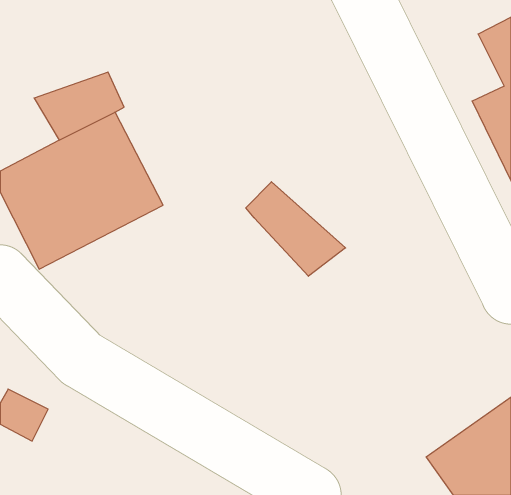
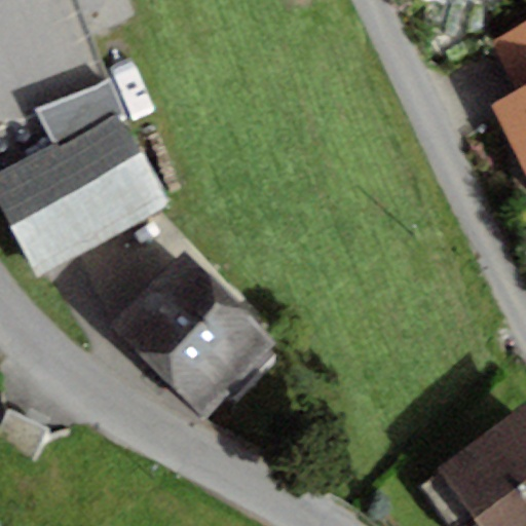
building: [246,182,346,276] -> none
building: none -> [116,258,280,423]

